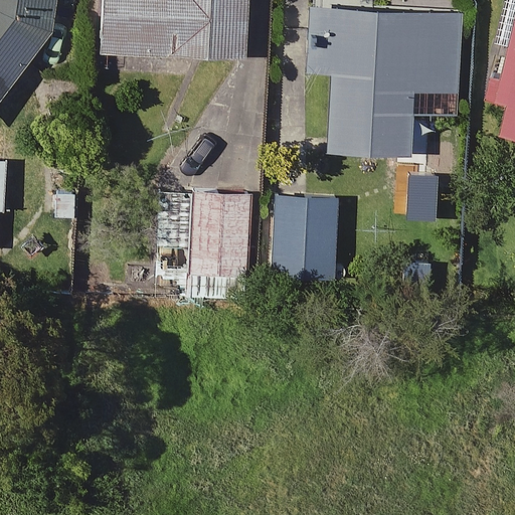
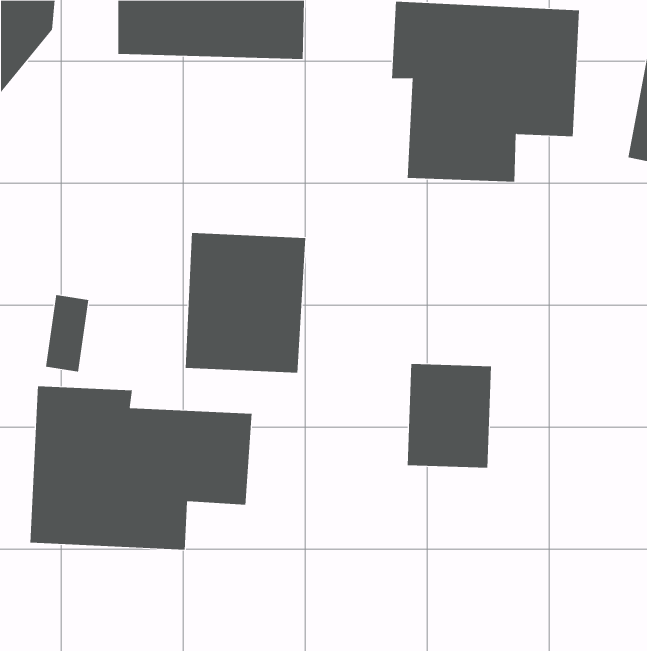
building: [272,195,338,277] -> [407,364,492,468]
building: none -> [30,385,252,550]

